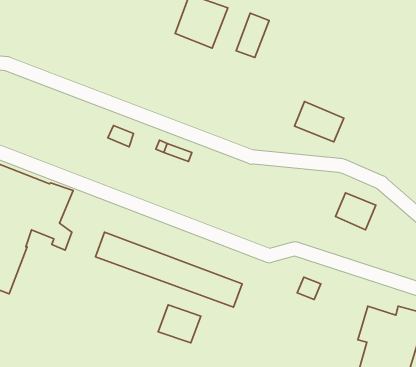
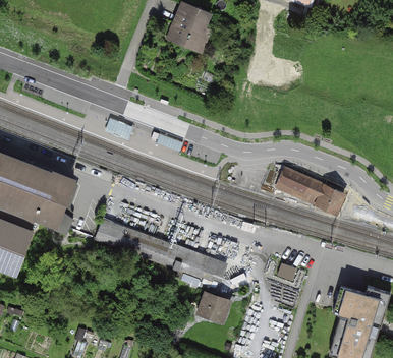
building: [236,13,269,57] -> none
building: [295,101,344,142] -> [276,167,321,203]
building: [158,305,201,343] -> [193,291,232,325]

